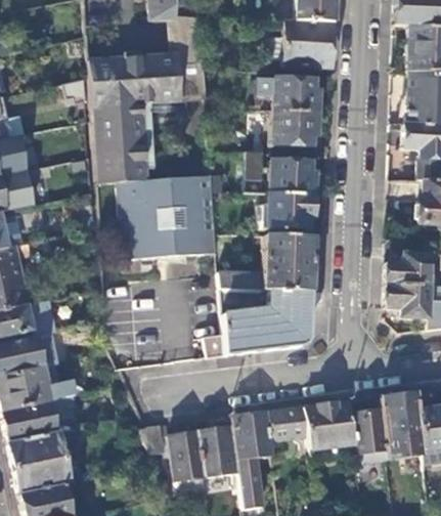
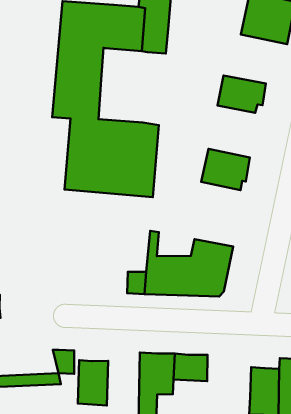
building: [257,76,319,111] -> none
building: [245,149,315,191] -> none
building: [221,232,326,288] -> none
building: [303,400,355,449] -> none
building: [200,426,234,477] -> none

